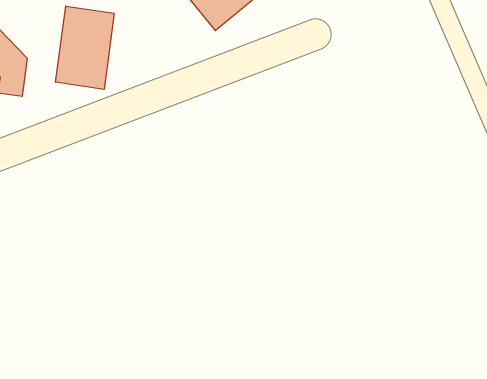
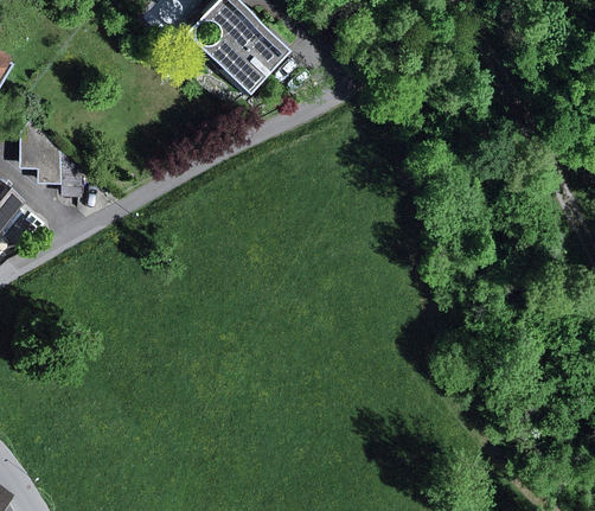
building: [56,6,114,89] -> none

